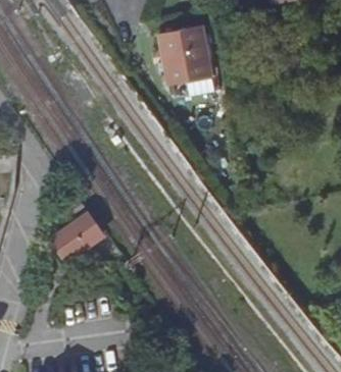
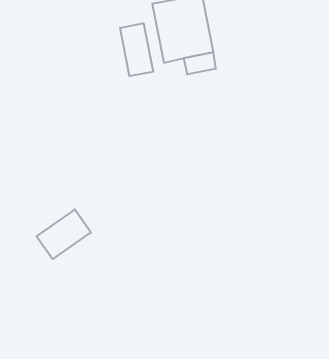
building: none -> [120,23,153,76]

